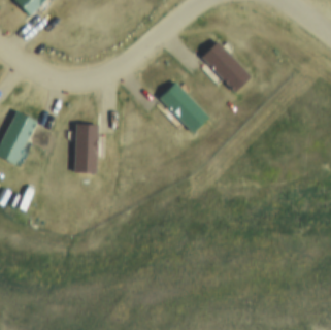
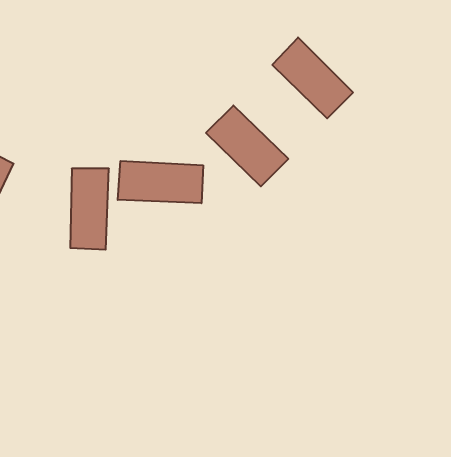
building: none -> [118,161,203,203]

